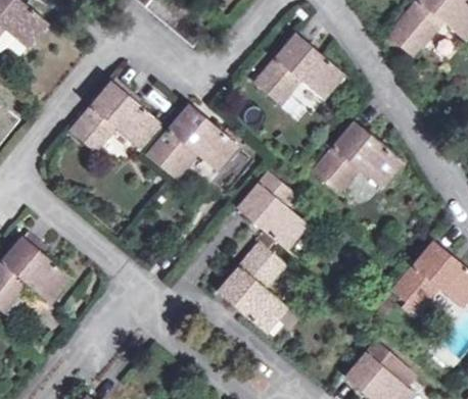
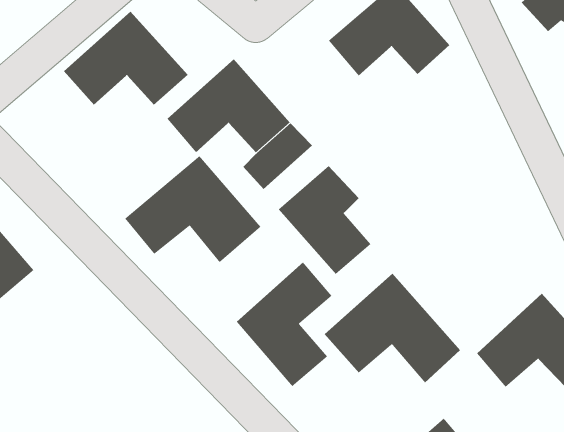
building: [312,122,402,193] -> none
building: none -> [124,155,261,263]
building: none -> [324,273,461,383]

